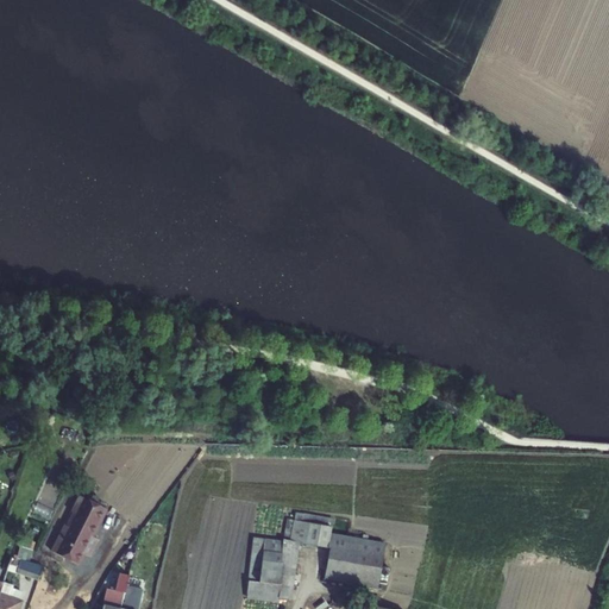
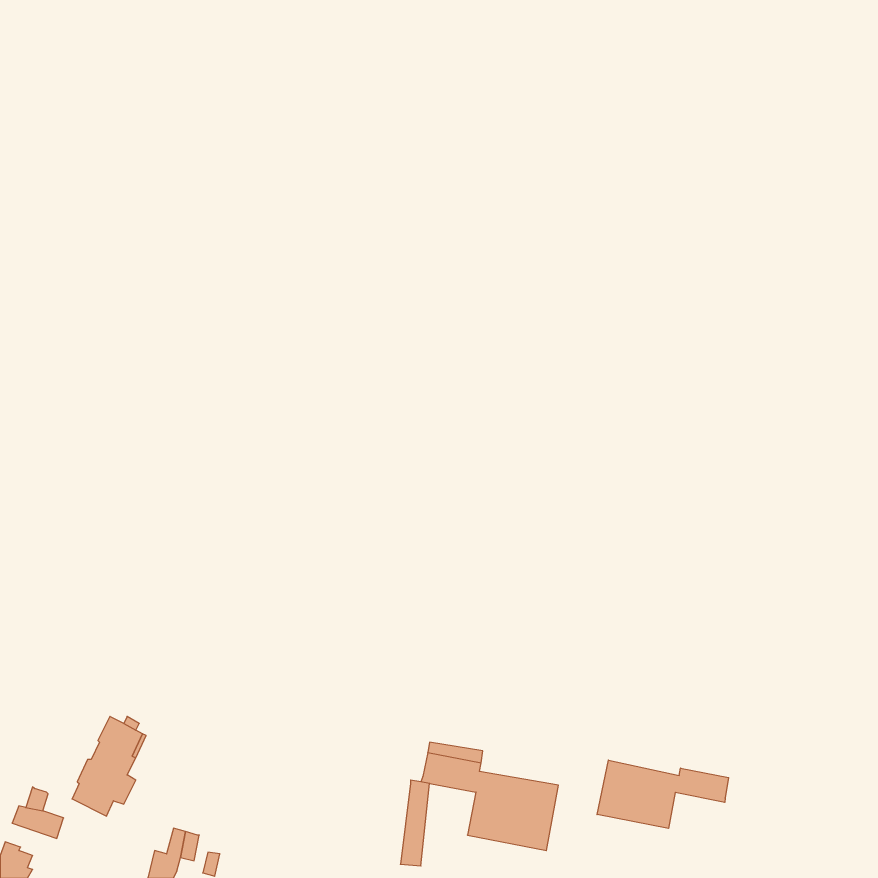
building: none -> [597,760,729,828]
building: [247,539,284,598] -> none

